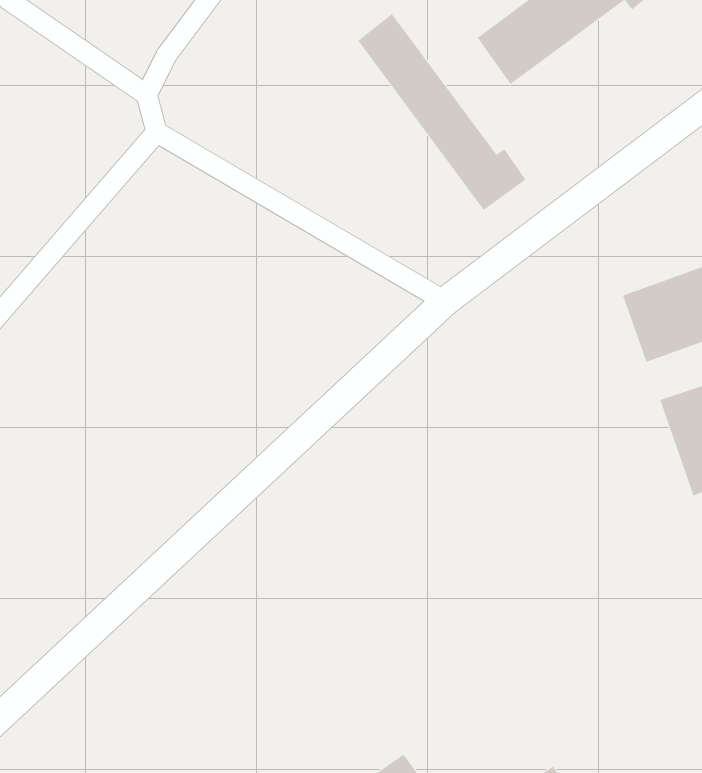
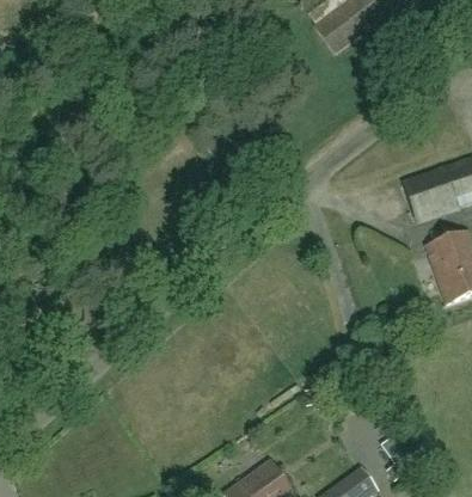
building: [357,13,526,211] -> none

